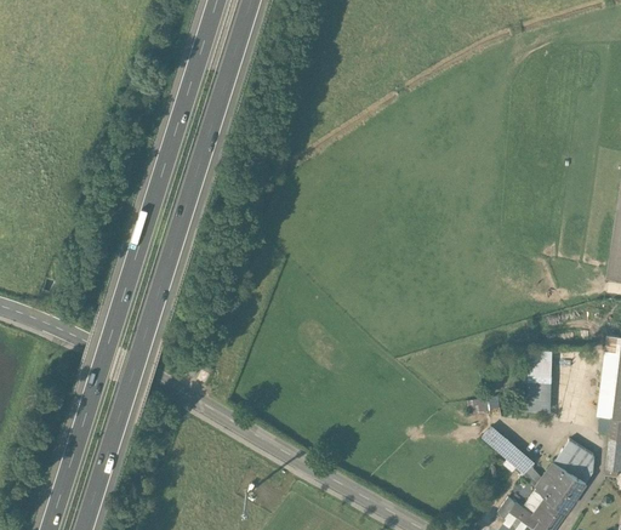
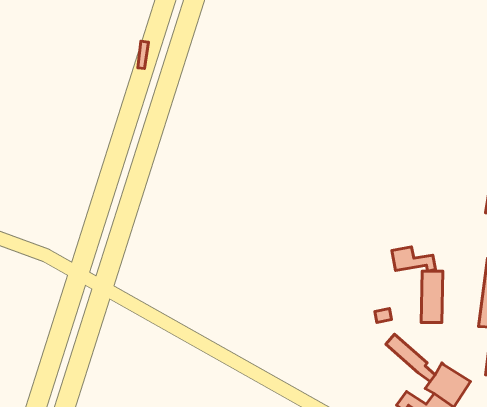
building: none -> [392,247,436,271]
building: [556,440,596,485] -> none

